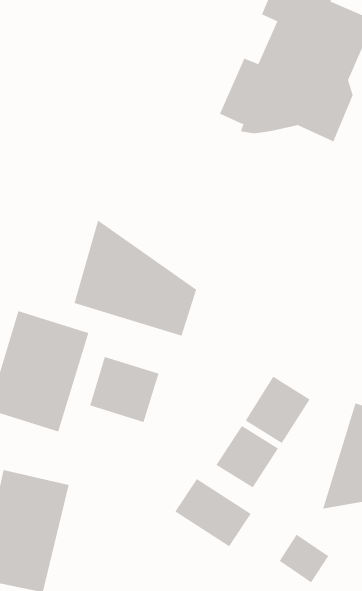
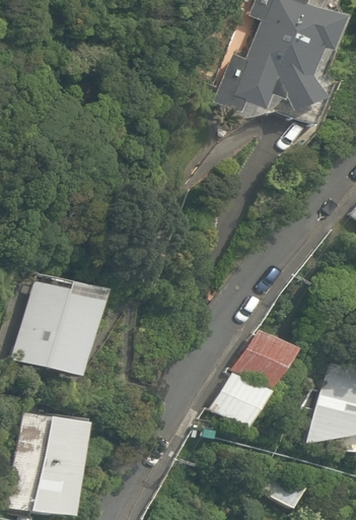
building: [74,219,197,337] -> none
building: [89,356,159,423] -> none
building: [175,478,251,547] -> none

